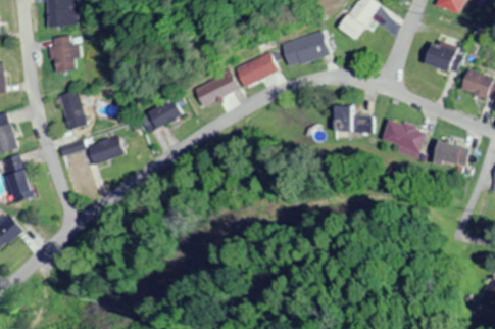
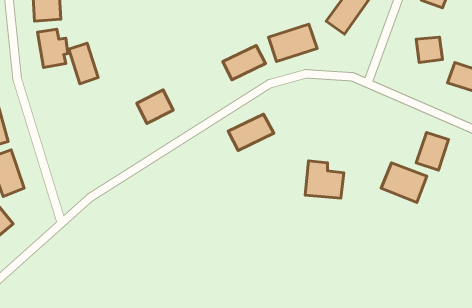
building: [193,70,239,107] -> [228,114,274,151]
building: [58,90,88,131] -> [69,43,98,84]
building: [332,104,370,142] -> [305,161,344,198]
building: [380,117,426,157] -> [381,163,427,202]
building: [88,135,126,165] -> none

